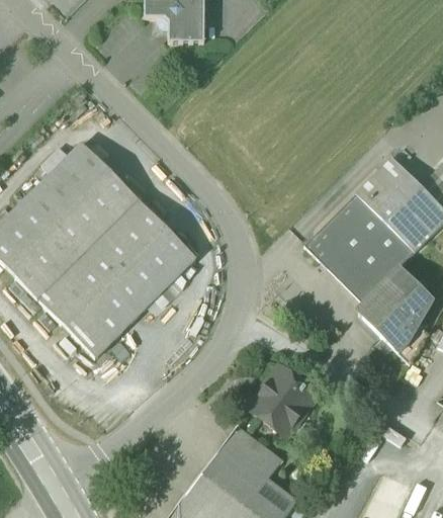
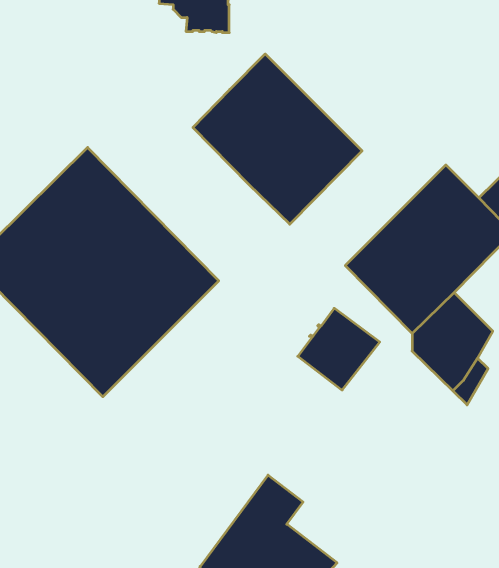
building: none -> [193,54,362,224]
building: [247,365,318,436] -> [298,308,380,390]

